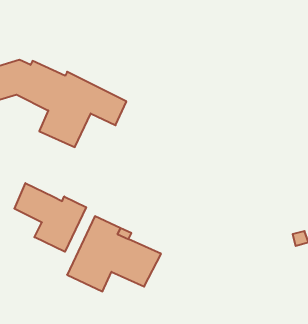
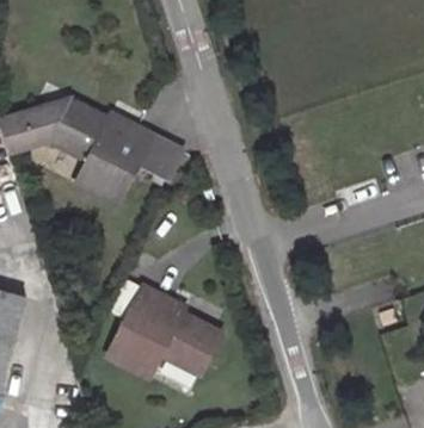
building: [14,183,86,252] -> none

